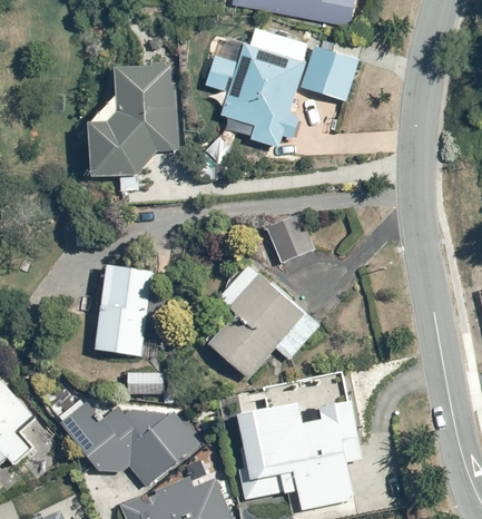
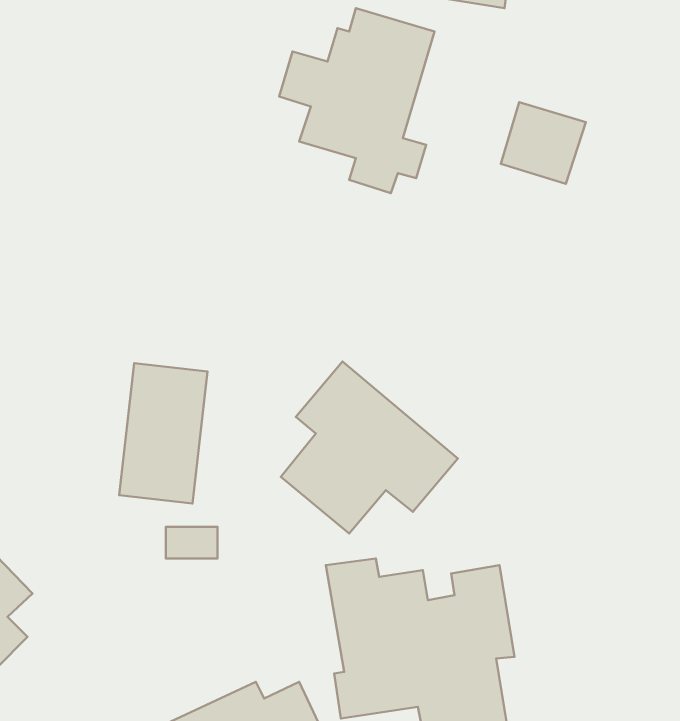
building: [303,46,360,100] -> [501,102,586,184]
building: [87,63,176,177] -> none
building: [267,212,321,265] -> none
building: [60,396,197,487] -> none

